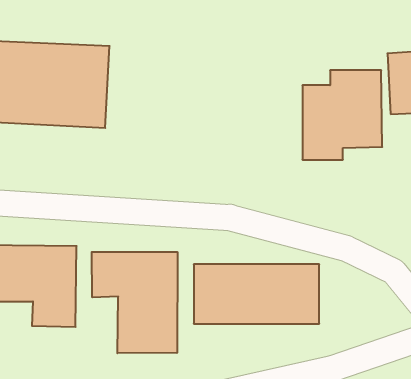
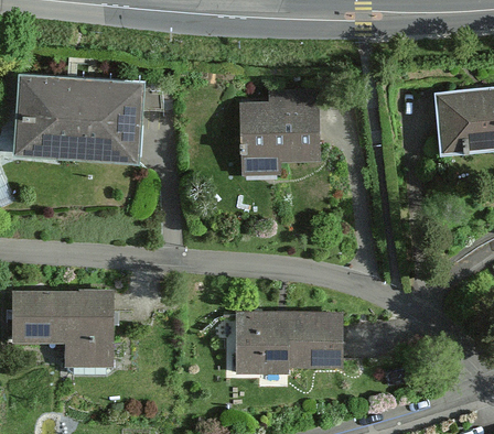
building: [302,70,382,160] -> [238,85,321,177]
building: [92,252,177,353] -> none

